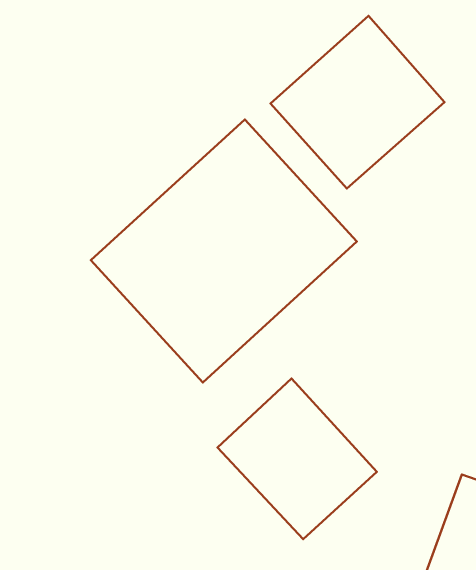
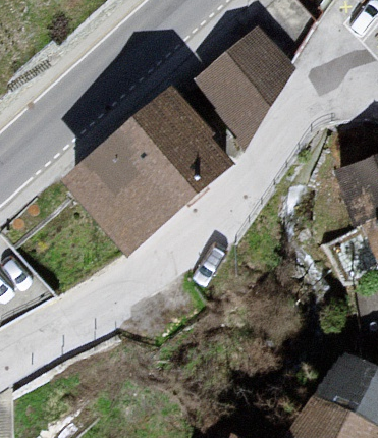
building: [218,379,377,539] -> none

